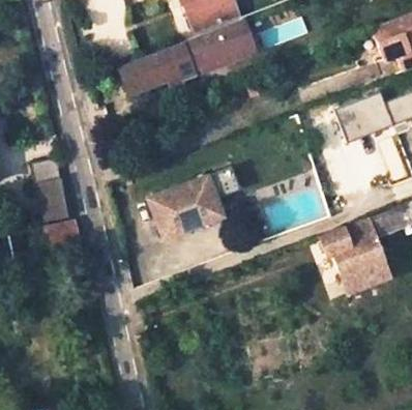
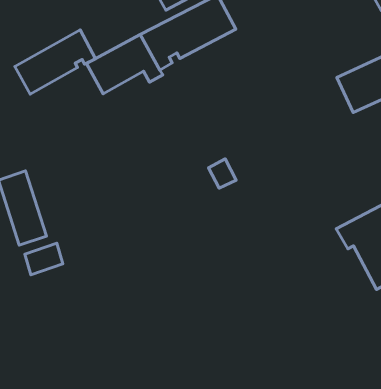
building: none -> [15,30,96,94]
building: [137,175,223,243] -> none

